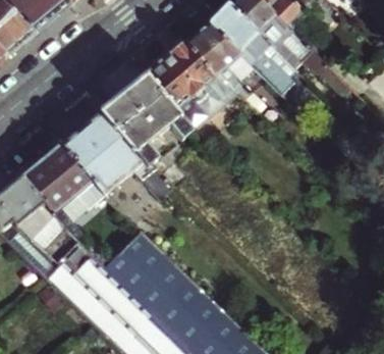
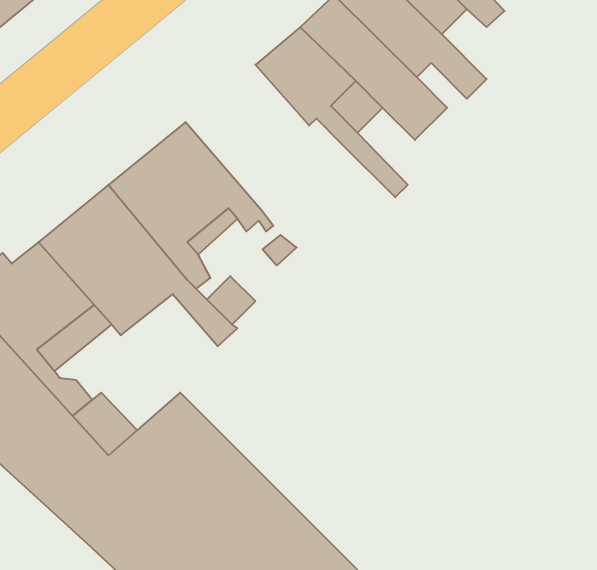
building: [145,41,232,130] -> none

